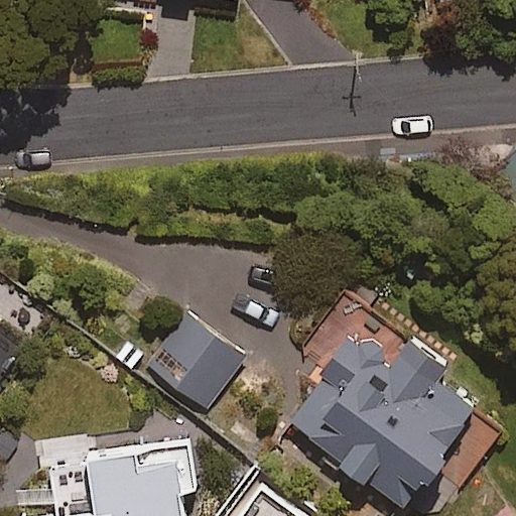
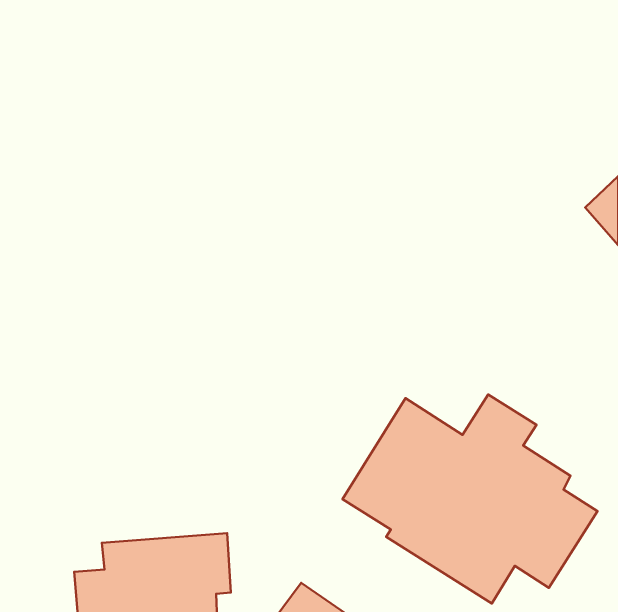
building: [149,315,246,412] -> none

